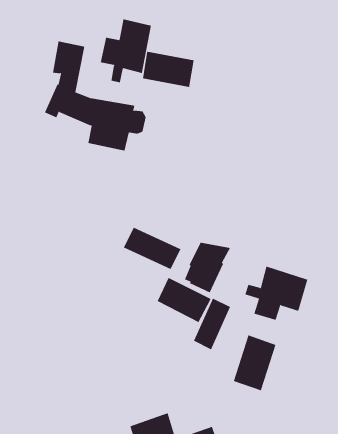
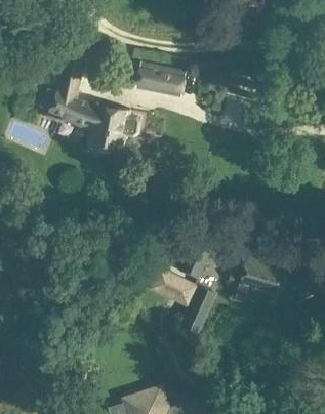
building: [100,19,152,83] -> none
building: [123,227,181,270] -> none
building: [233,335,276,391] -> none

